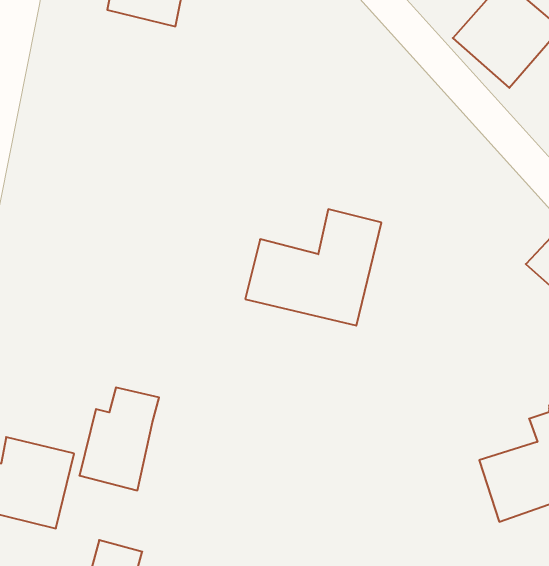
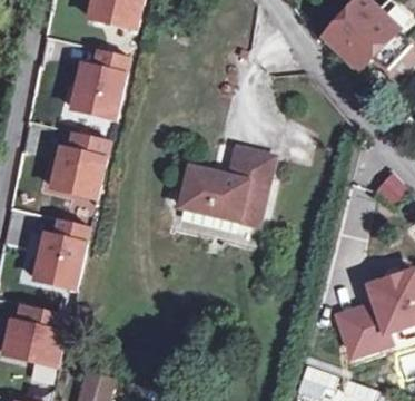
building: none -> [72,47,127,116]
building: none -> [52,129,107,194]
building: [79,387,159,490] -> [33,217,87,286]

